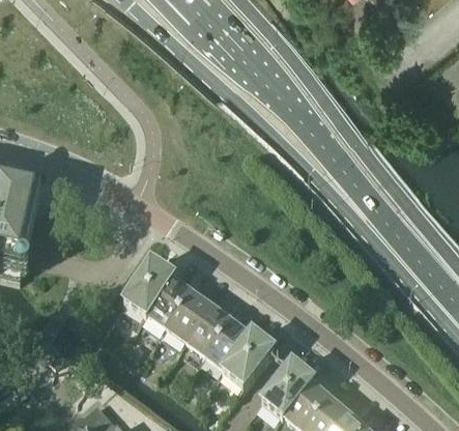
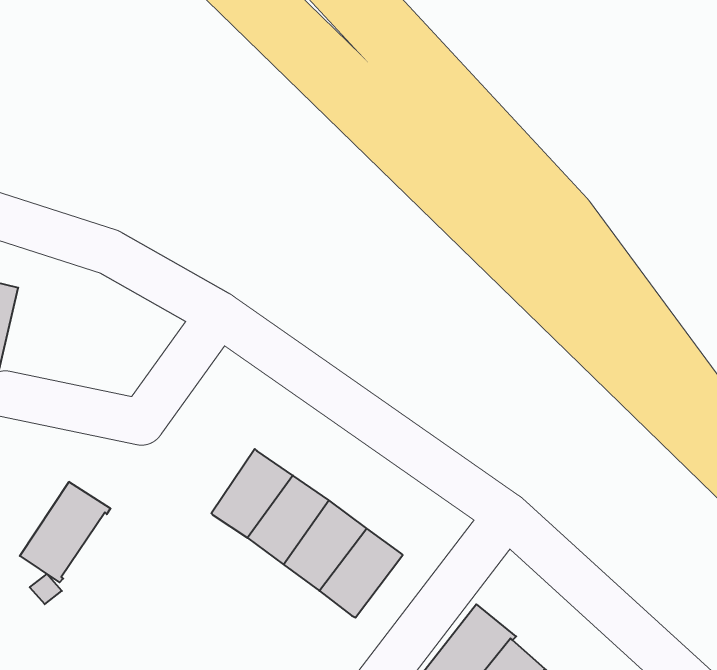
building: [124,260,174,315] -> [20,482,111,582]
building: [223,332,274,386] -> none

